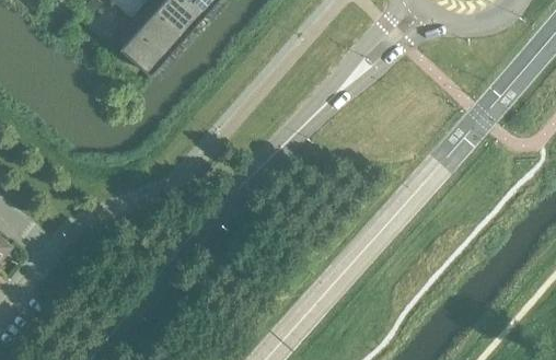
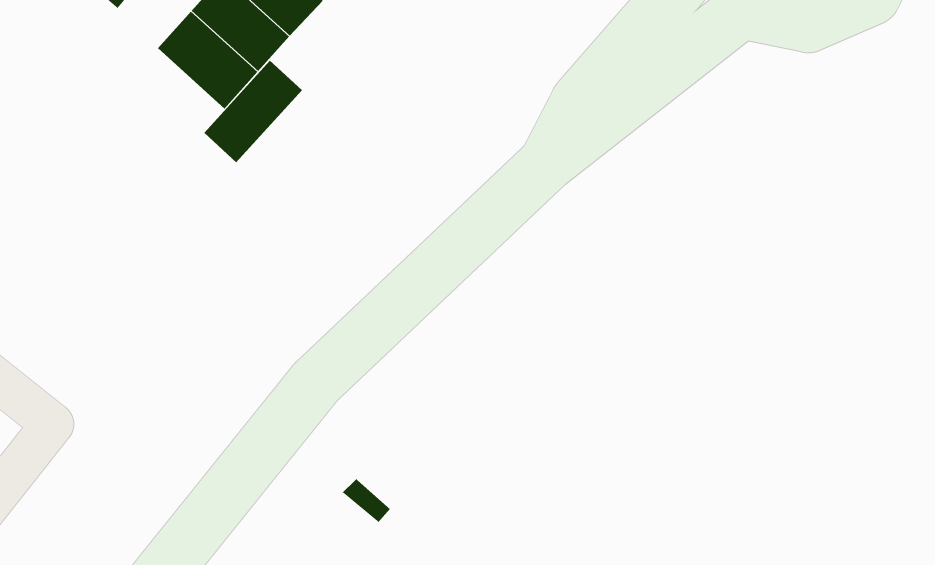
building: none -> [203,60,303,163]

